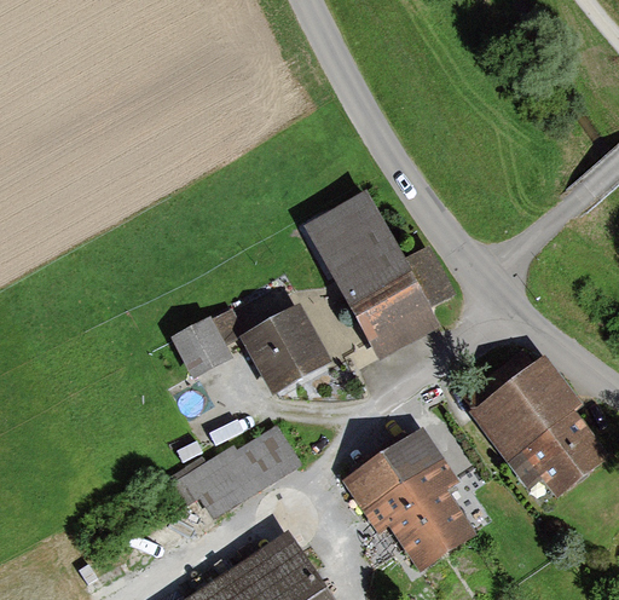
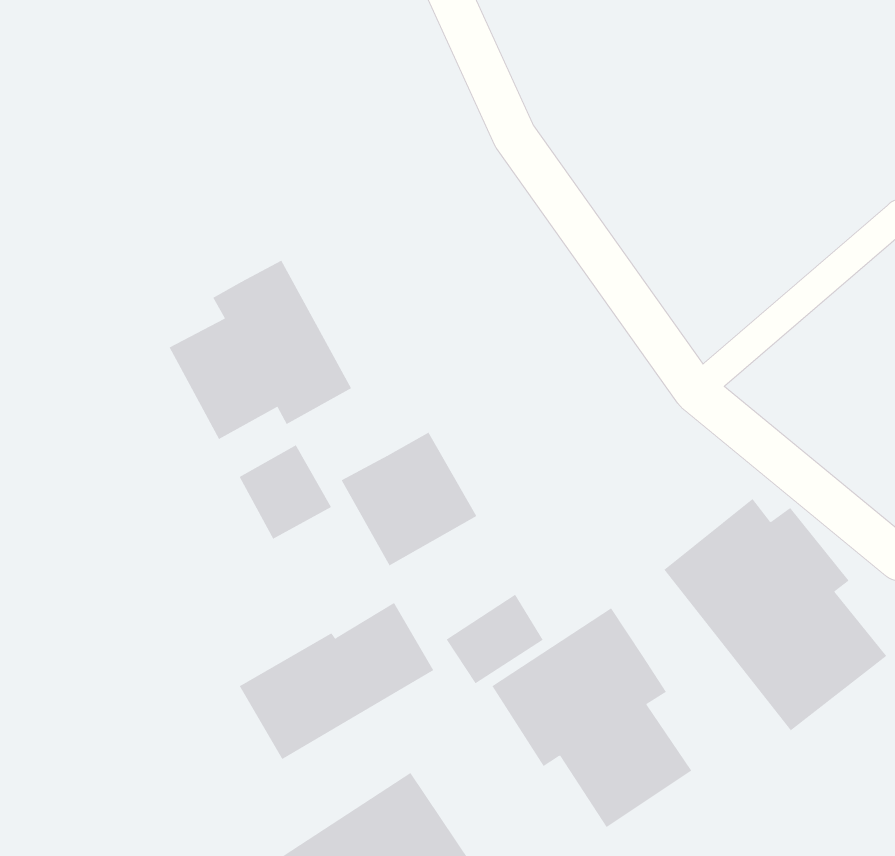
building: none -> [169,260,352,440]
building: [306,195,439,358] -> none
building: none -> [446,594,544,684]

